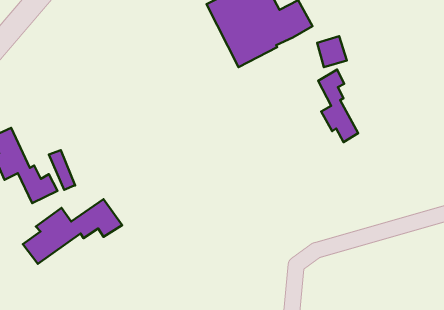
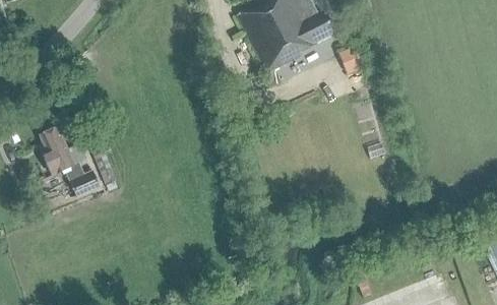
building: [318,70,358,142] -> none
building: [23,199,122,264] -> none

